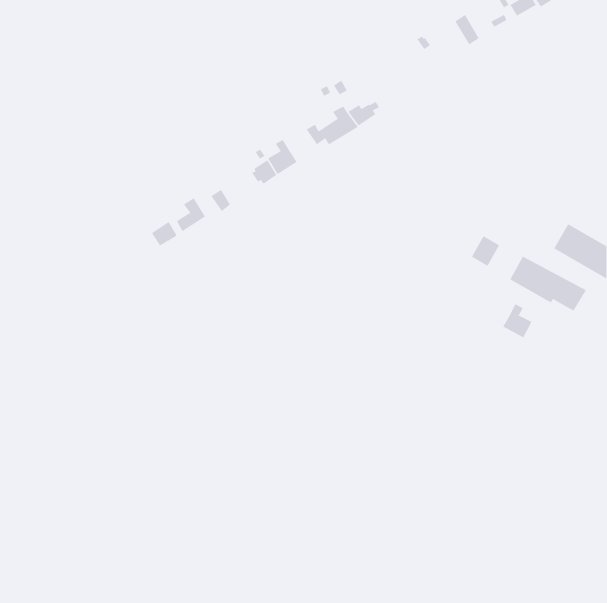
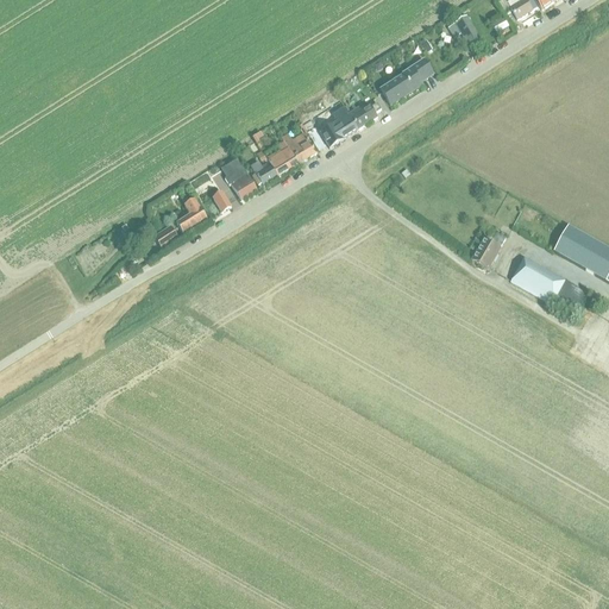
building: none -> [379,58,432,103]
building: none -> [280,130,315,162]
building: none -> [224,164,256,197]
building: [503,304,532,338] -> none

